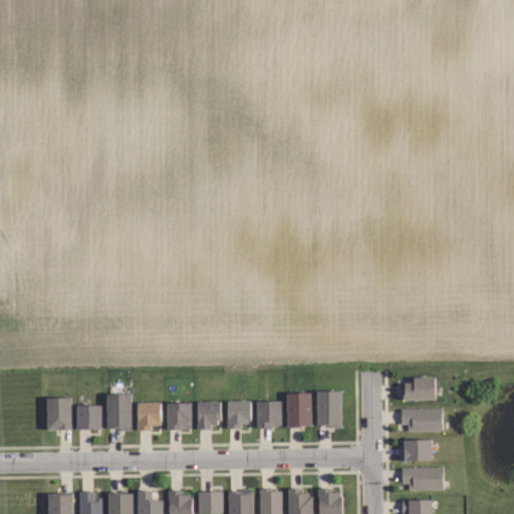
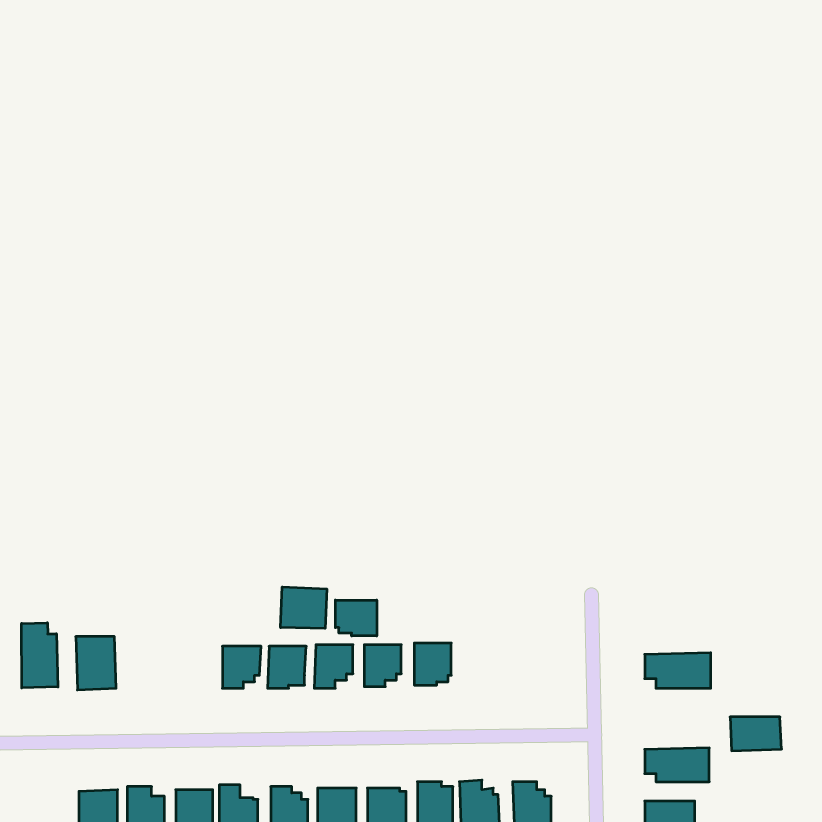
building: none -> [281,587,327,628]
building: none -> [335,600,377,636]
building: [399,377,435,400] -> none
building: none -> [22,623,58,688]
building: [315,392,339,425] -> none
building: [108,394,132,430] -> none
building: [285,394,309,426] -> none
building: [76,405,101,430] -> none
building: [401,440,433,461] -> [730,717,782,751]

